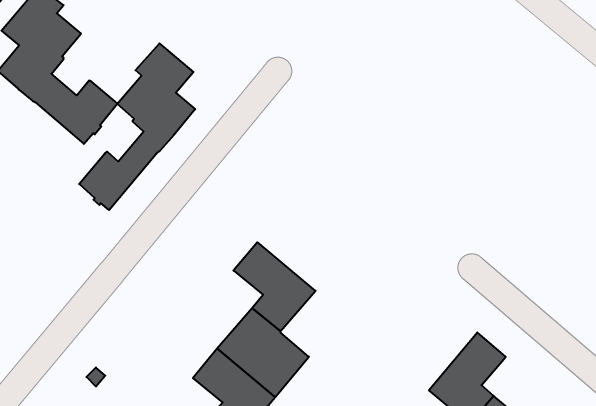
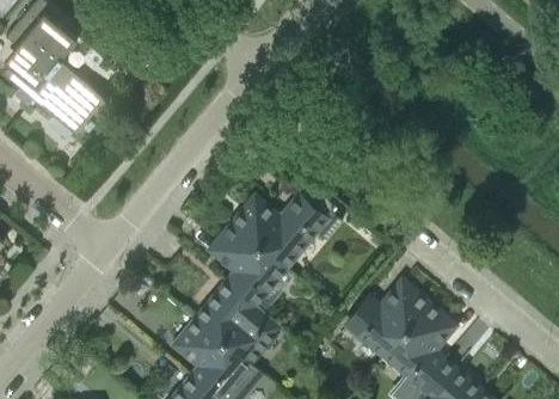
building: [79,43,195,210] -> none
building: none -> [232,185,340,268]
building: none -> [346,283,426,356]

